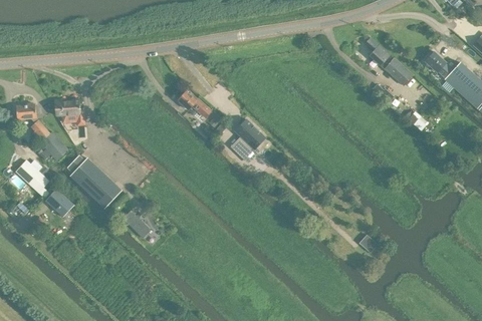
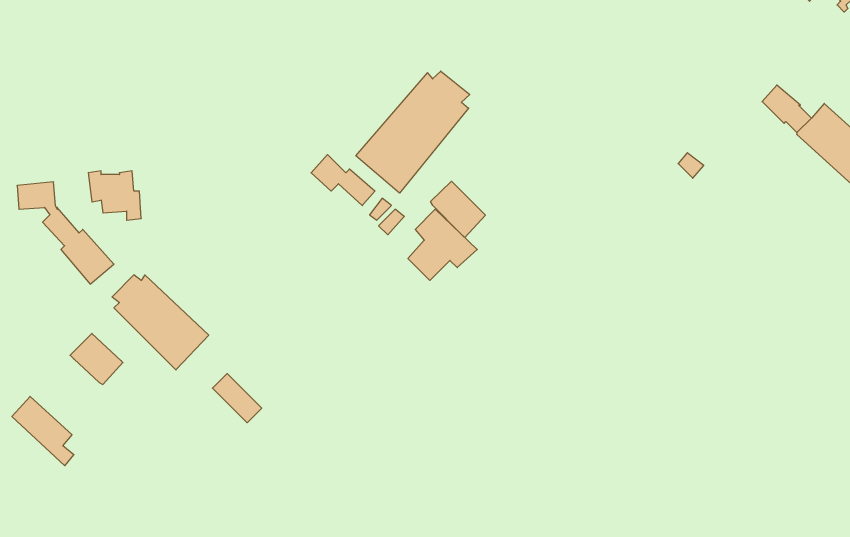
building: [364,37,412,85] -> none
building: none -> [356,71,470,193]
building: none -> [431,181,485,237]
building: [15,160,49,199] -> [12,396,74,466]

